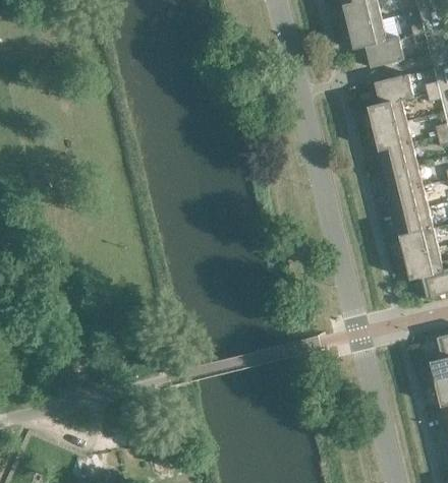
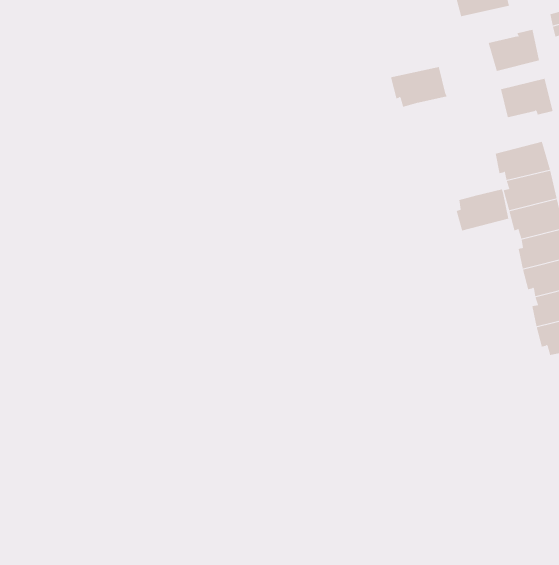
building: [345,19,388,50] -> [390,66,448,107]
building: [367,98,406,129] -> [456,189,509,231]

